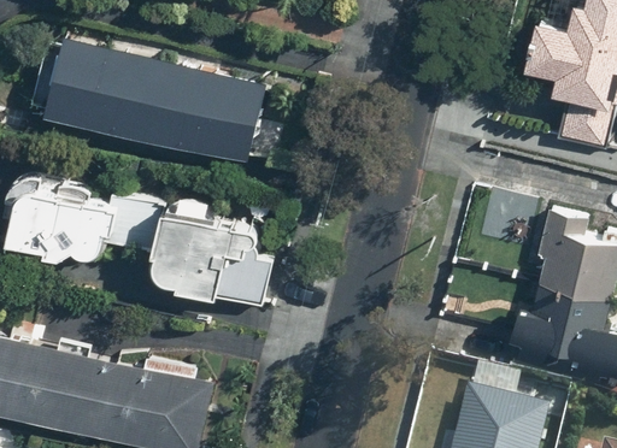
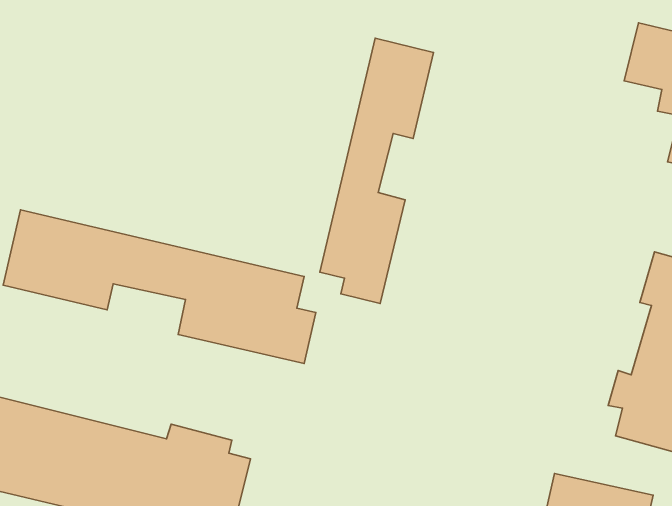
building: none -> [320,38,434,303]
building: [45,40,266,165] -> none

